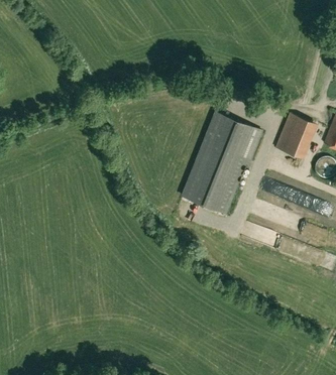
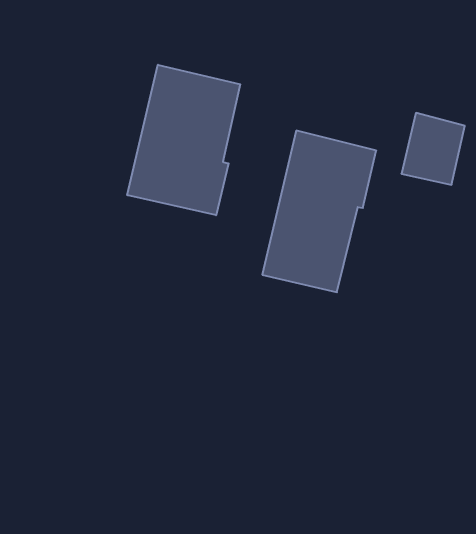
building: none -> [127,65,240,215]

